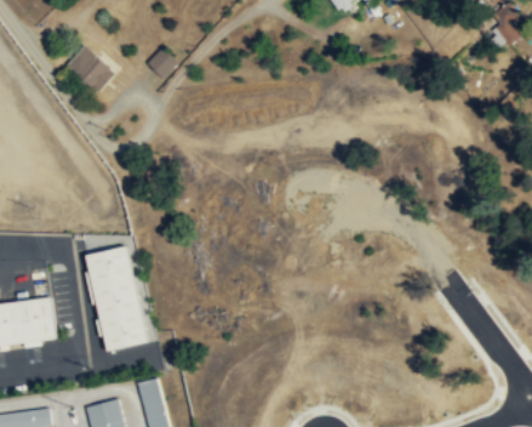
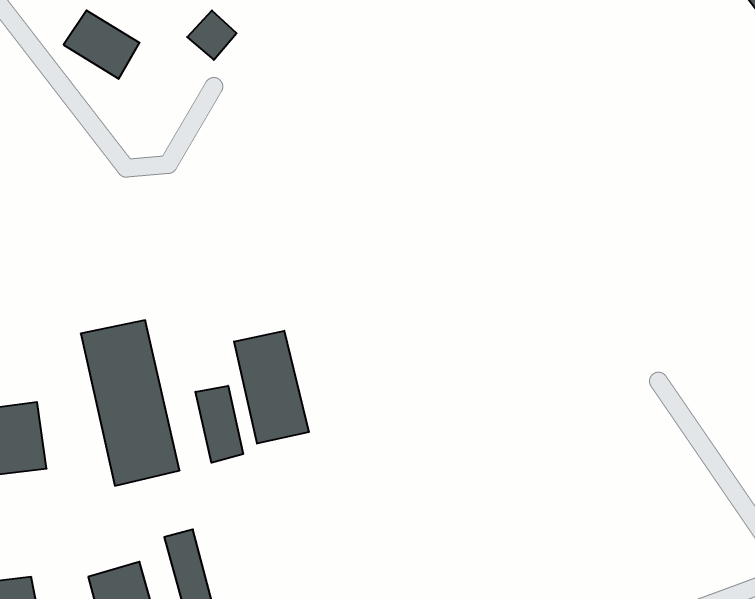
building: none -> [234,331,309,444]
building: none -> [195,386,243,463]

